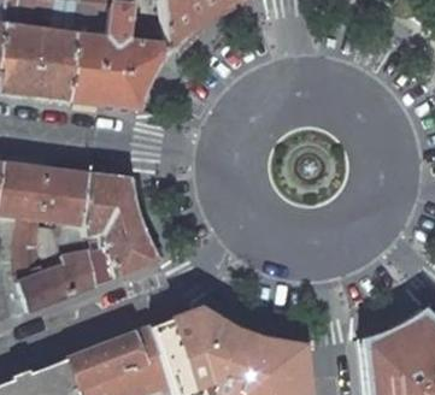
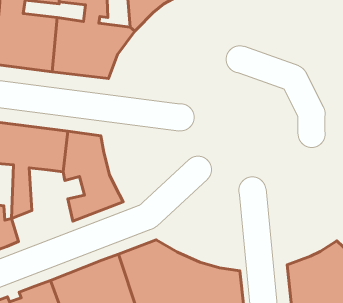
building: [18,222,94,311] -> none

